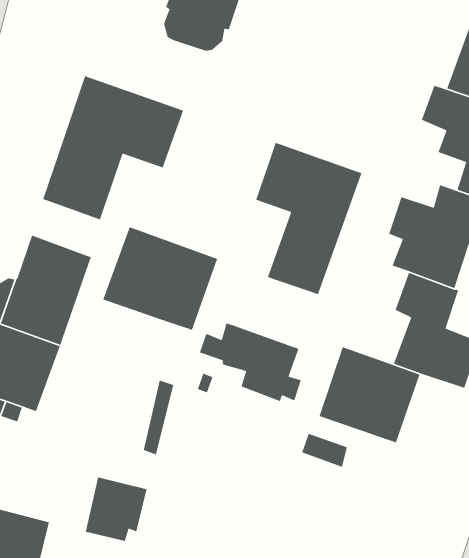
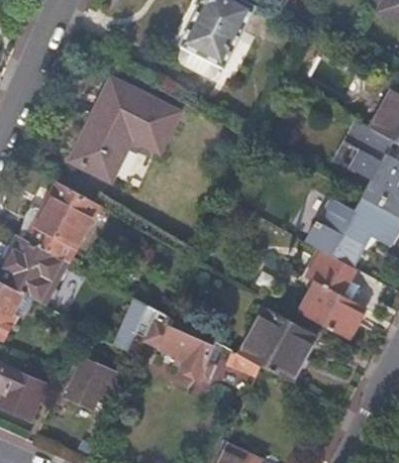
building: [255,142,363,295] -> none
building: [102,226,218,331] -> none
building: [199,322,302,402] -> [142,314,213,376]

